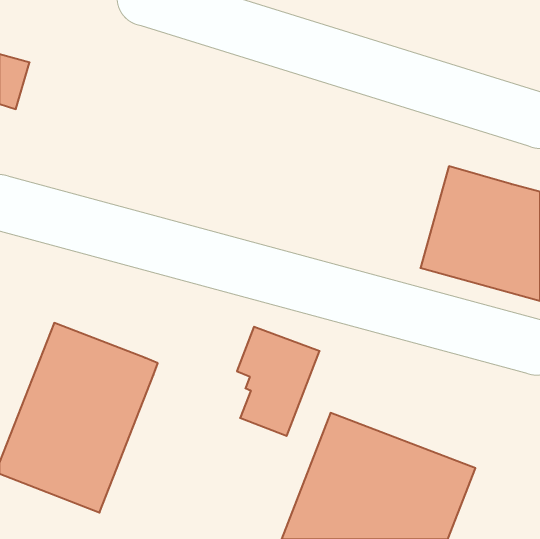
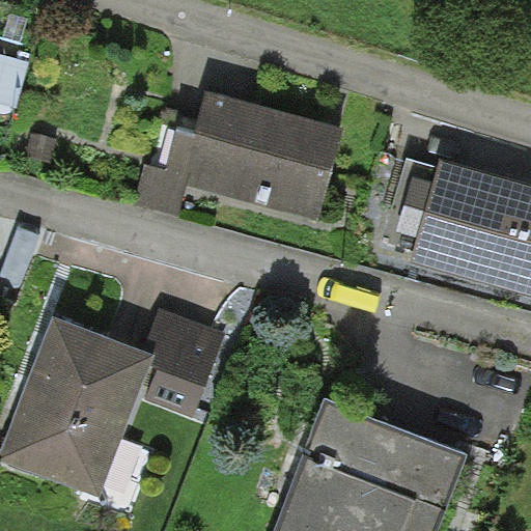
building: none -> [133,93,342,220]
building: [237,327,320,436] -> [142,307,223,414]

